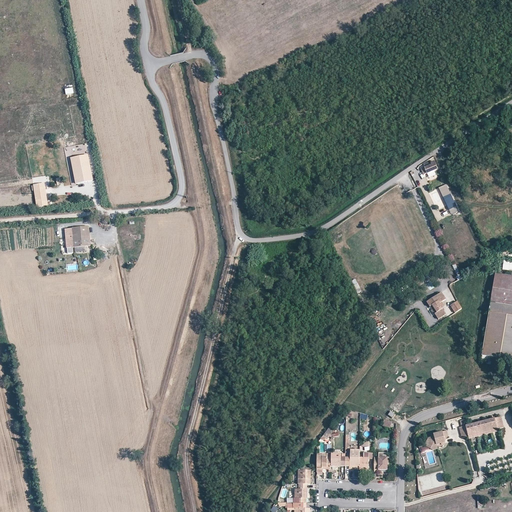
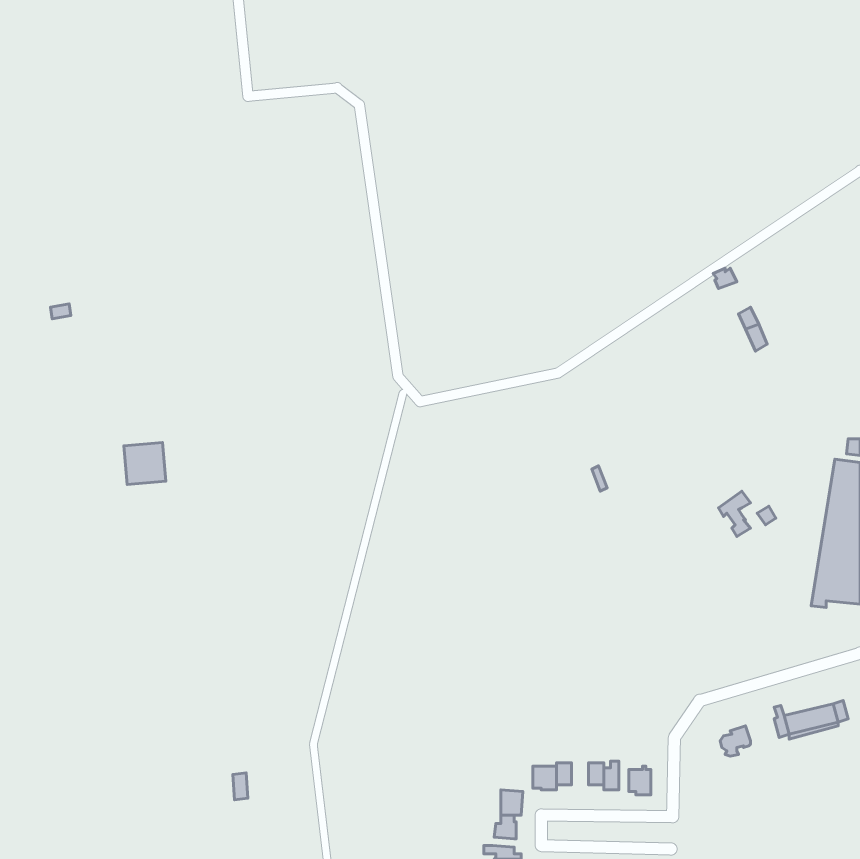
building: [70,153,92,181] -> none
building: [64,225,89,250] -> [124,442,166,485]

